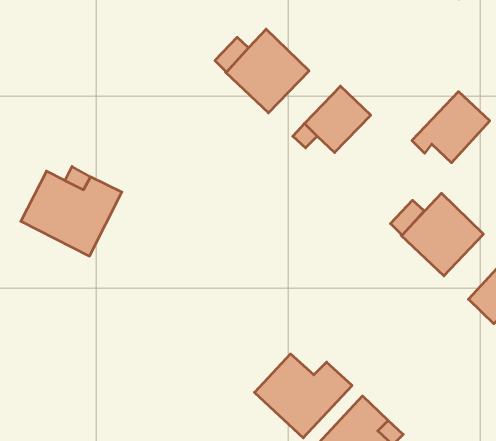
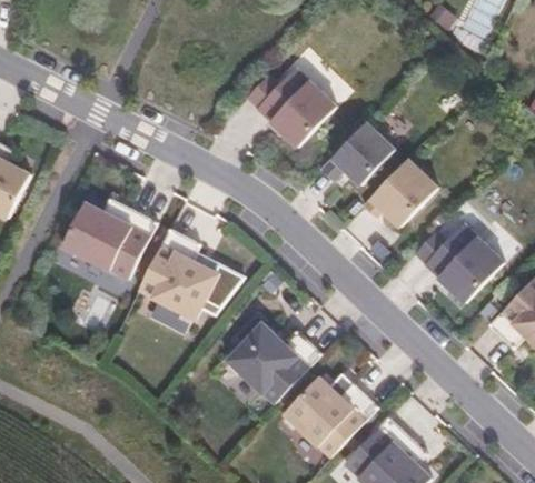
building: [412,92,490,163] -> [363,160,437,228]
building: none -> [138,230,218,320]
building: none -> [227,323,320,404]

